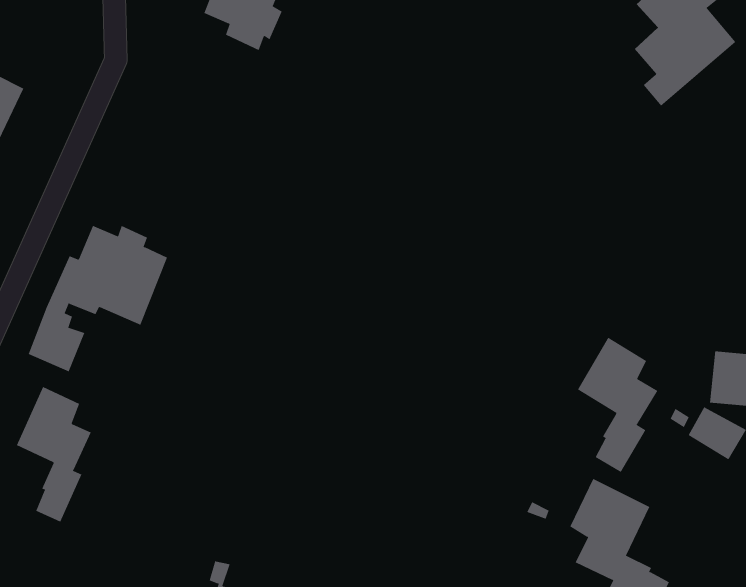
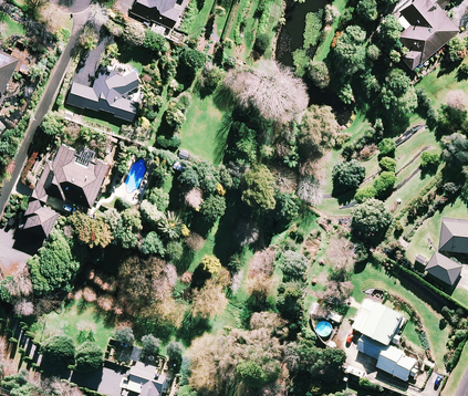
building: none -> [66,63,141,119]
building: [577,337,658,473] -> none
building: [16,386,92,522] -> none

